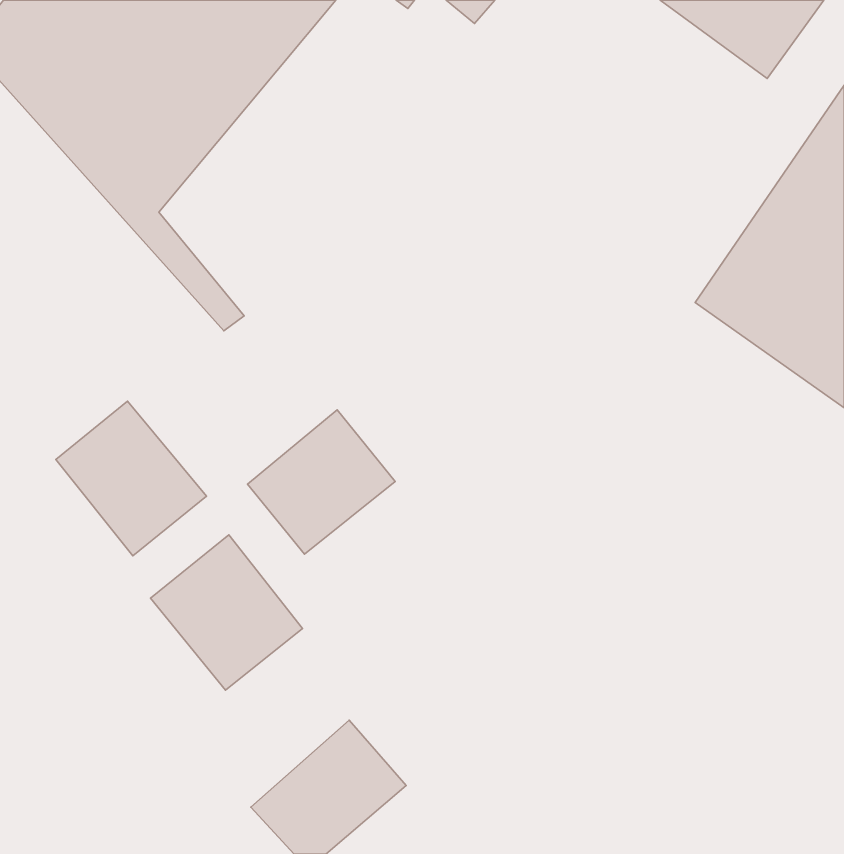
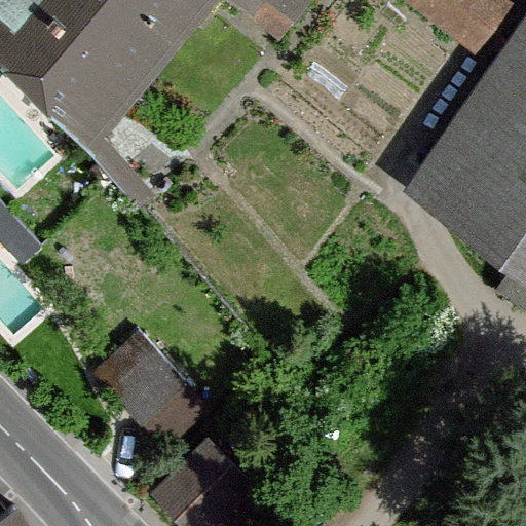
building: [56,401,206,556] -> none
building: [248,410,395,554] -> none

